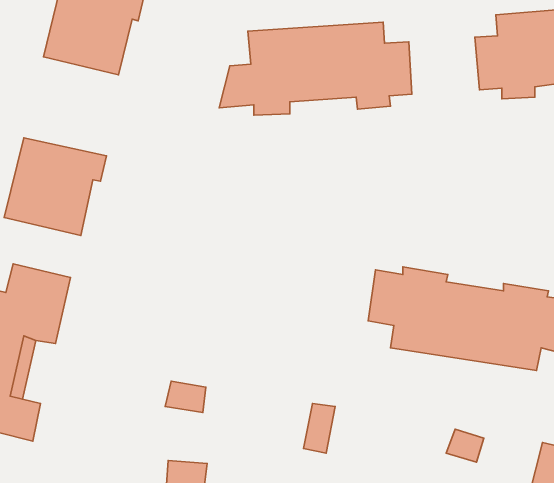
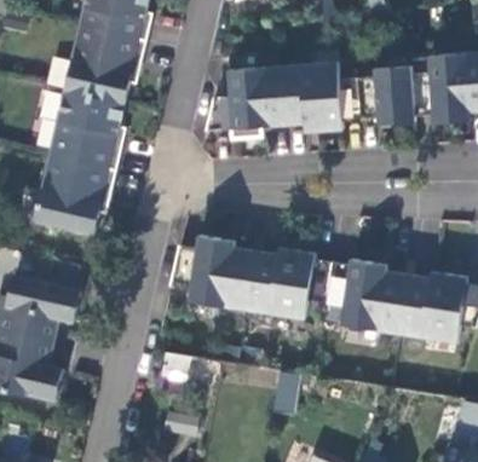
building: none -> [357,67,414,125]
building: none -> [47,91,123,171]
building: none -> [168,236,330,319]

